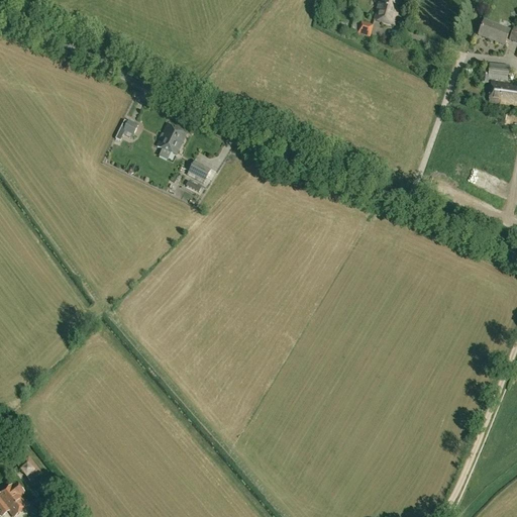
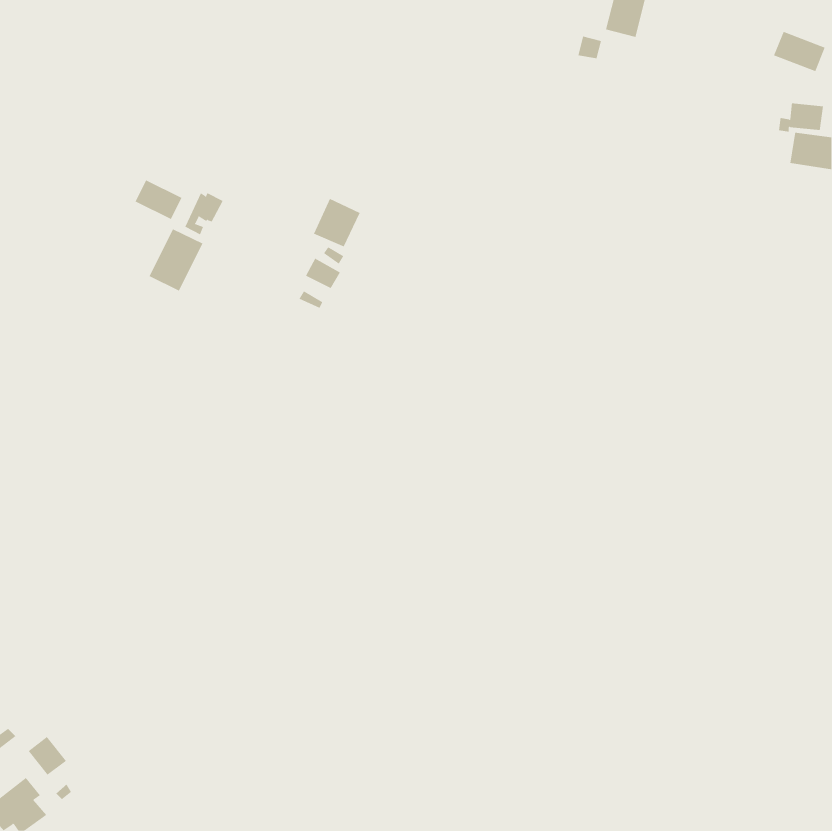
building: none -> [135,179,182,220]
building: [157,124,186,154] -> [313,198,361,247]
building: none -> [149,228,203,291]

